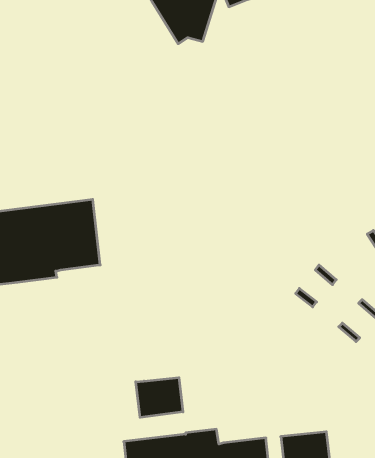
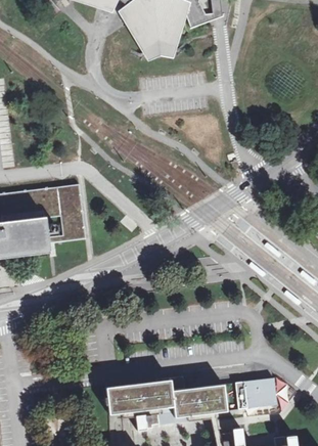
building: [136,378,183,417] -> none

